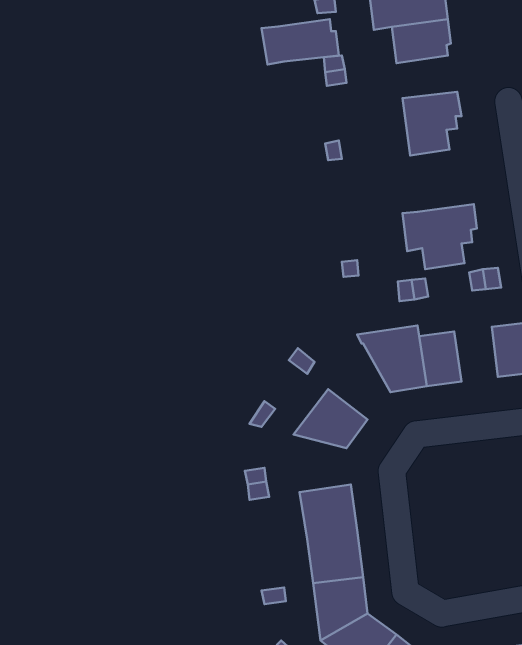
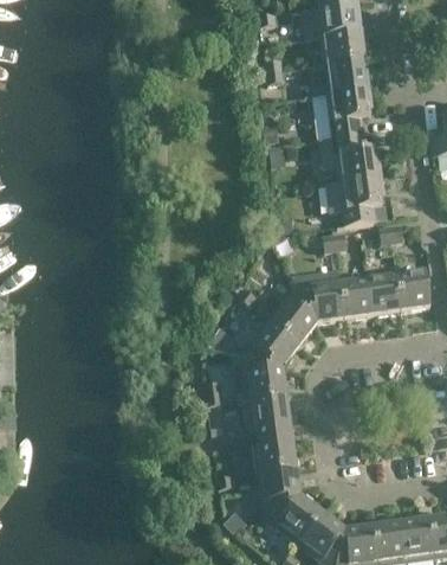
building: [261,19,339,65] -> [310,58,370,94]
building: none -> [320,131,383,180]
building: none -> [368,270,402,313]
building: none -> [270,283,318,342]
building: none -> [233,352,287,400]

